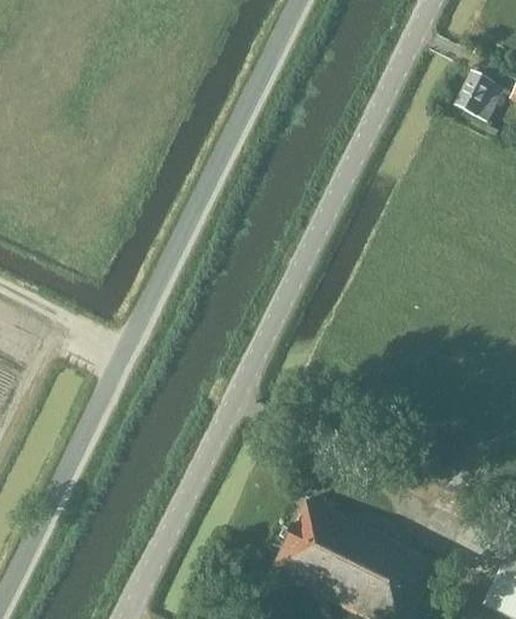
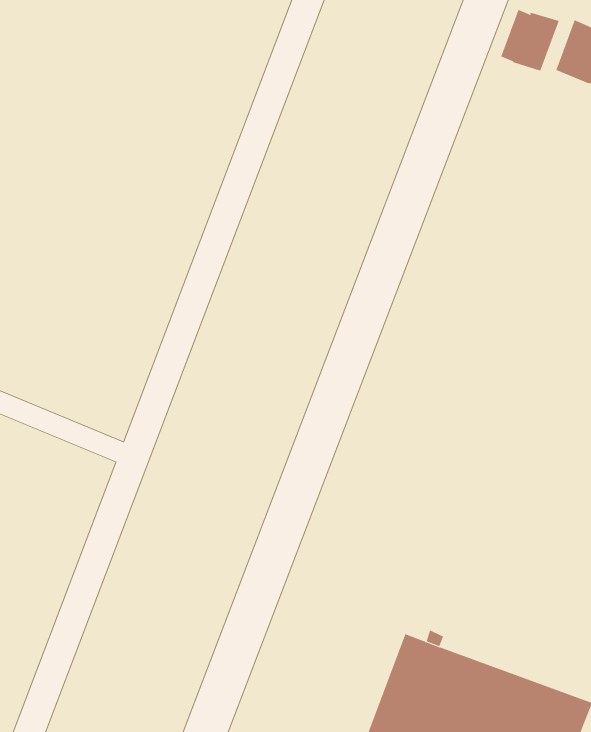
building: none -> [500,9,559,72]

